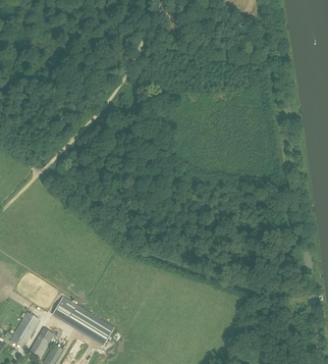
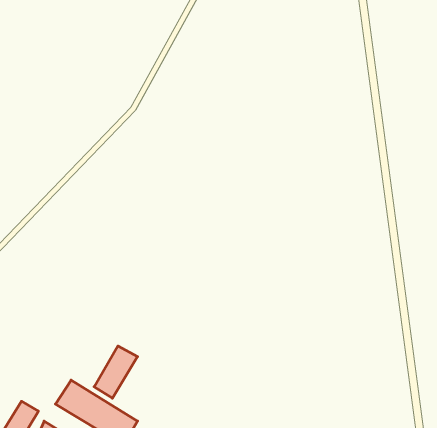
building: none -> [94,346,138,398]

